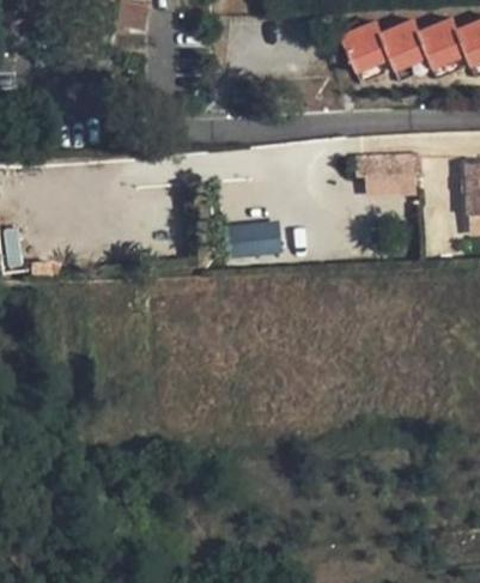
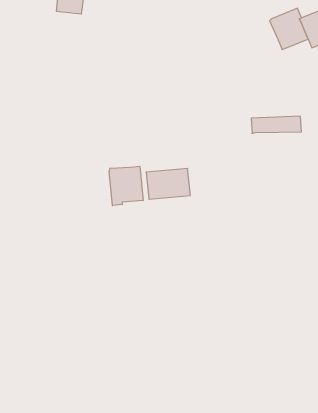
building: [341,23,390,74] -> none
building: none -> [109,166,143,206]

